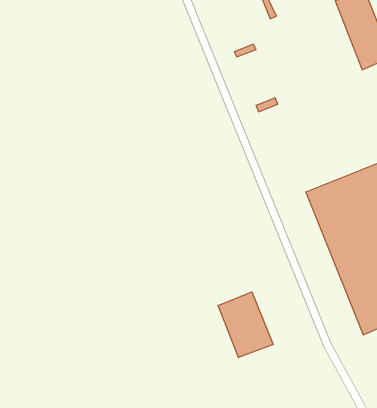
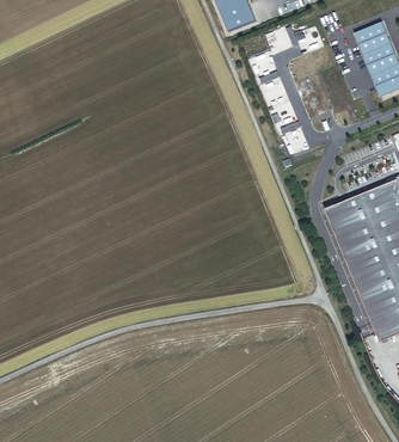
building: [218,292,273,358] -> none

